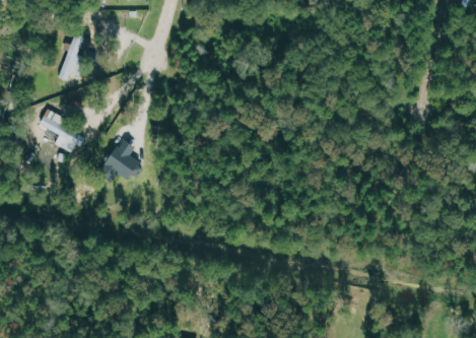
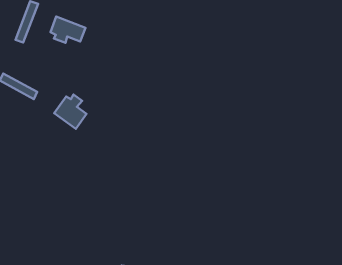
building: none -> [50,16,86,43]

